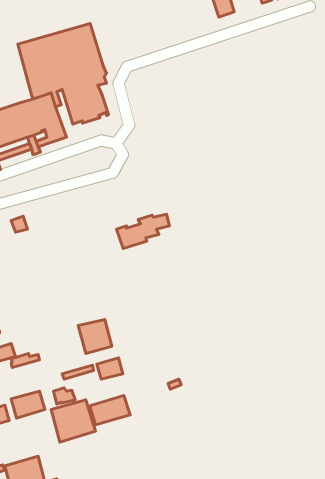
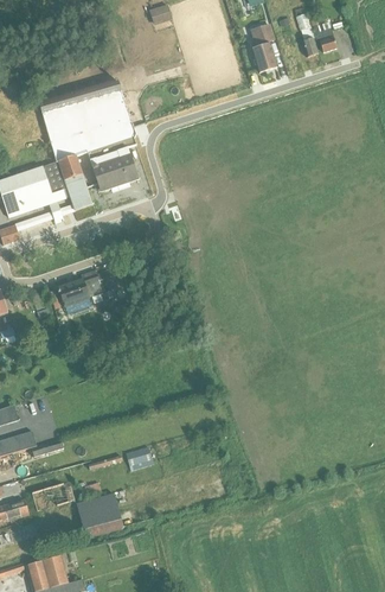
building: [117,214,170,249] -> [56,269,114,307]
building: [78,319,112,353] -> none
building: [90,396,130,425] -> none

